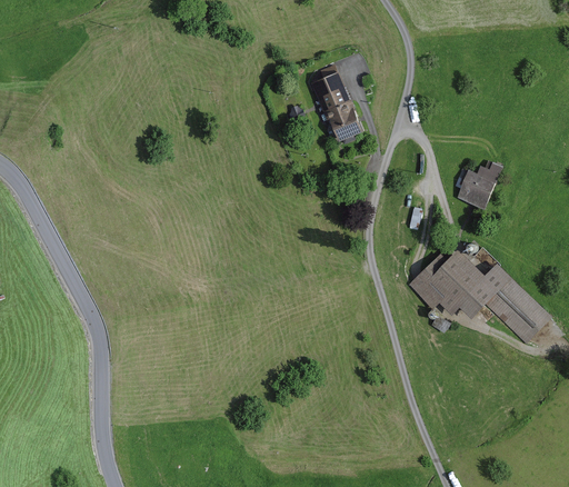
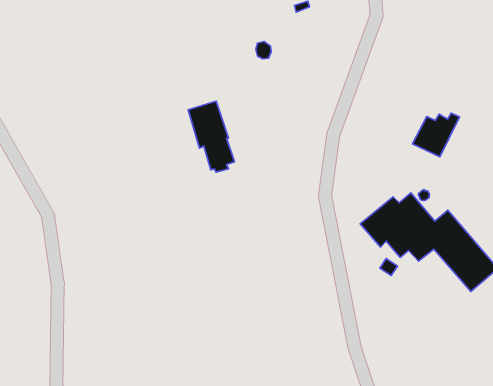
building: [310,72,361,145] -> [188,101,234,172]

